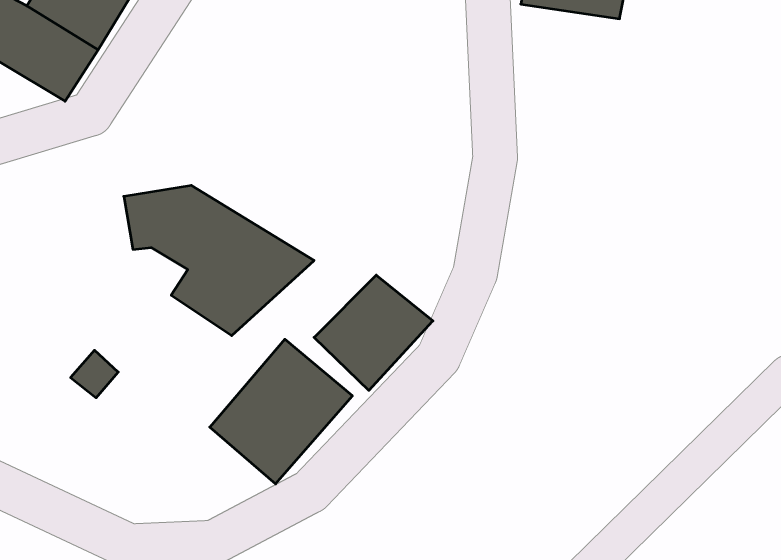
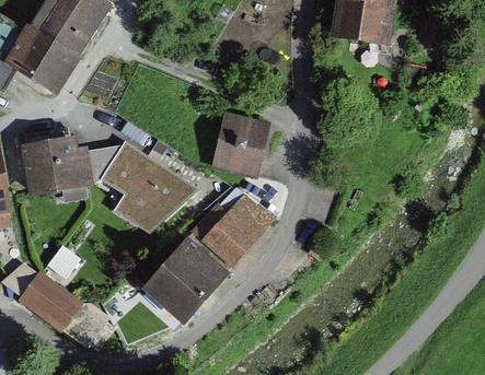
building: none -> [212,110,270,179]
building: none -> [21,140,92,195]
building: none -> [19,271,82,329]

